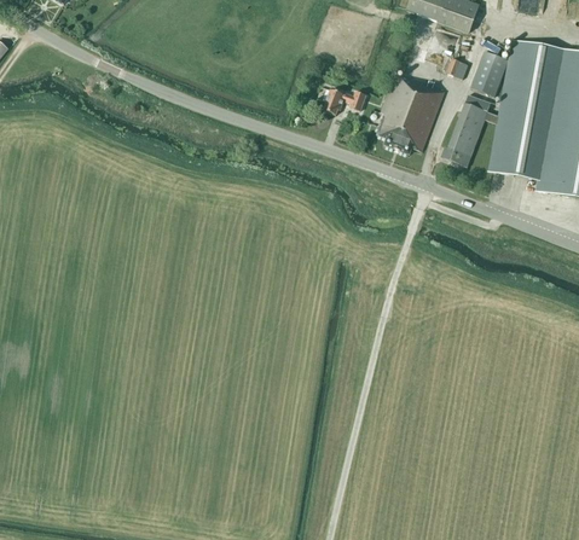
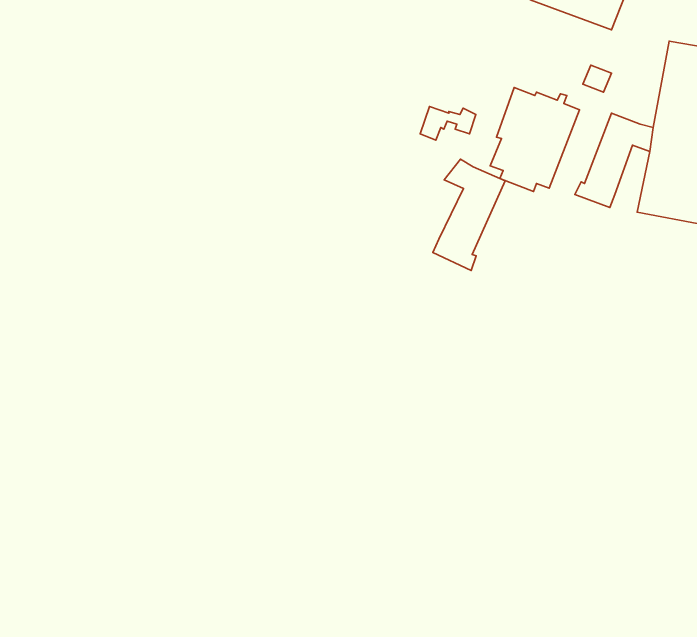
building: [471,51,509,95] -> none
building: none -> [433,159,505,270]

